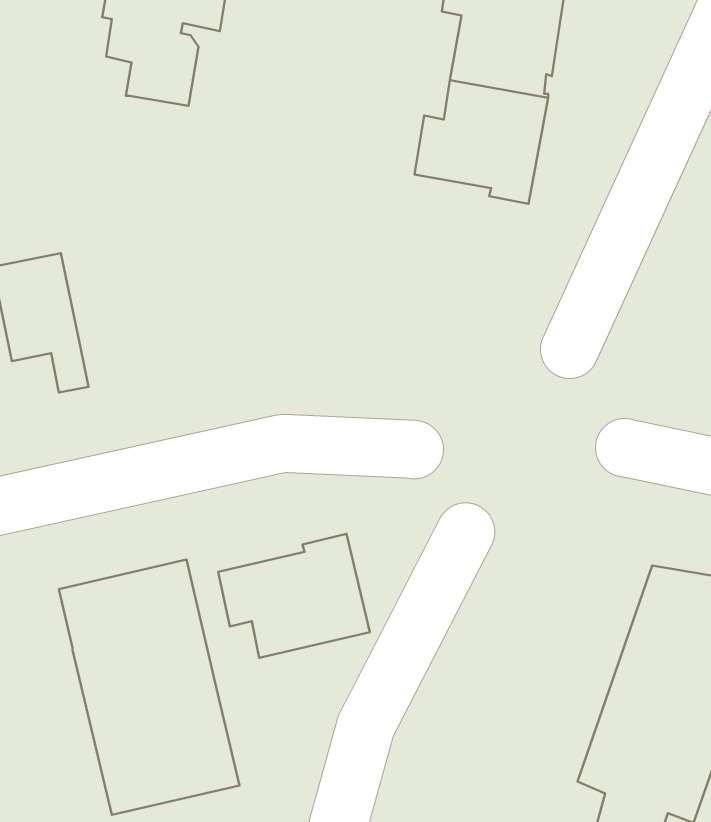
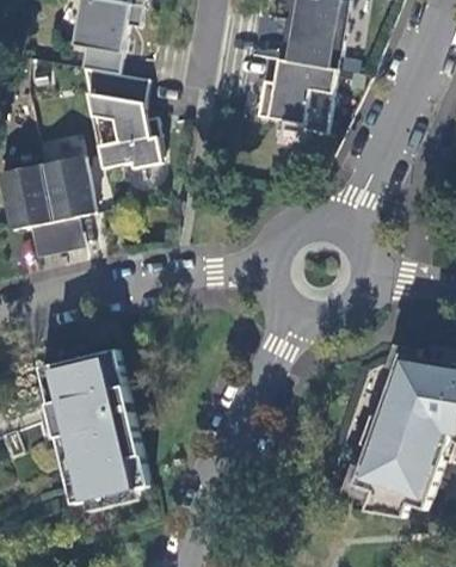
building: none -> [81,67,160,168]
building: none -> [39,154,93,249]
building: [218,534,370,658] -> none

